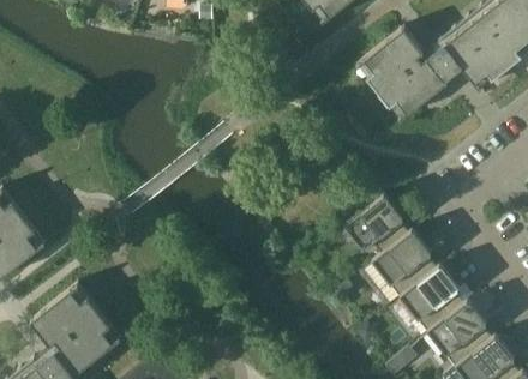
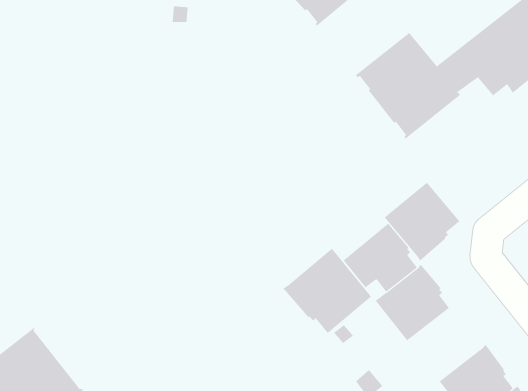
building: none -> [384,182,460,261]
building: none -> [283,248,372,334]
building: [401,264,466,331] -> none

